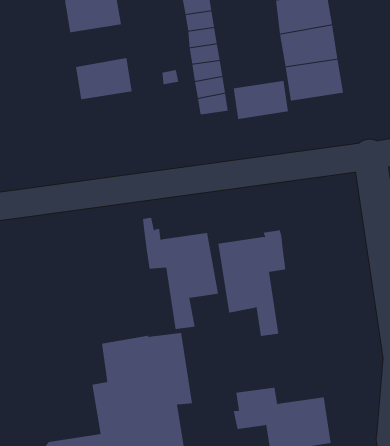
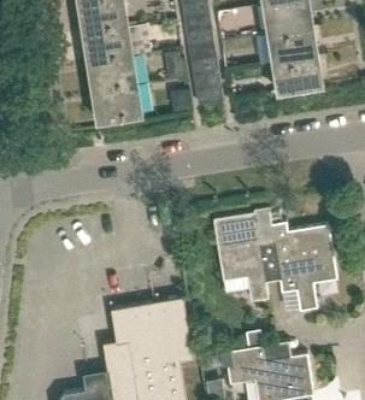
building: none -> [82,27,133,64]
building: [233,80,289,120] -> none
building: none -> [92,86,142,123]
building: [142,217,219,330] -> [269,212,336,311]

